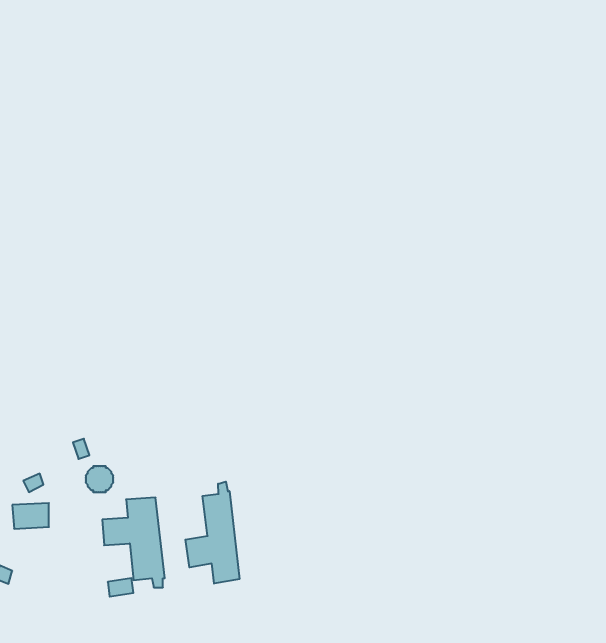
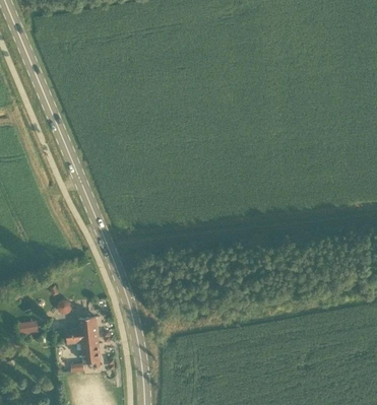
building: [185,482,239,584] -> none

